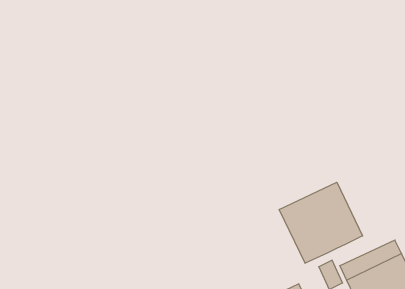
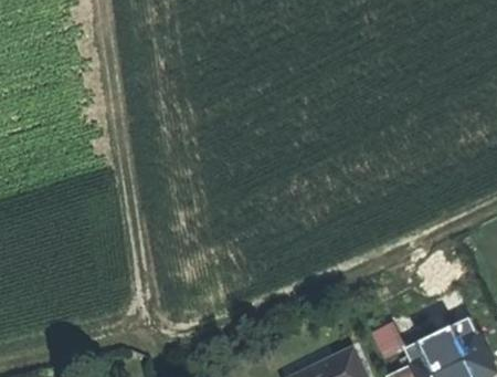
building: [279,182,363,263] -> none

